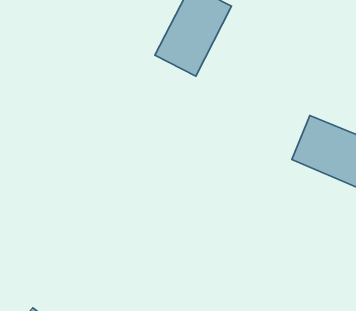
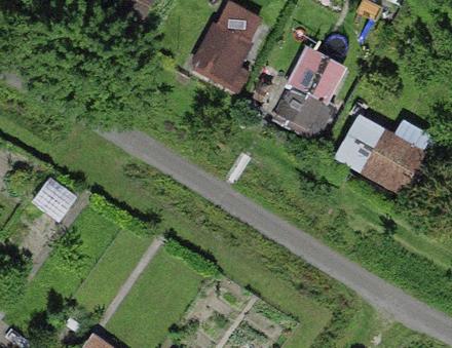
building: none -> [275,47,347,138]

